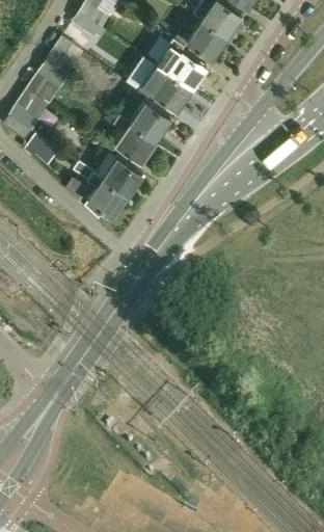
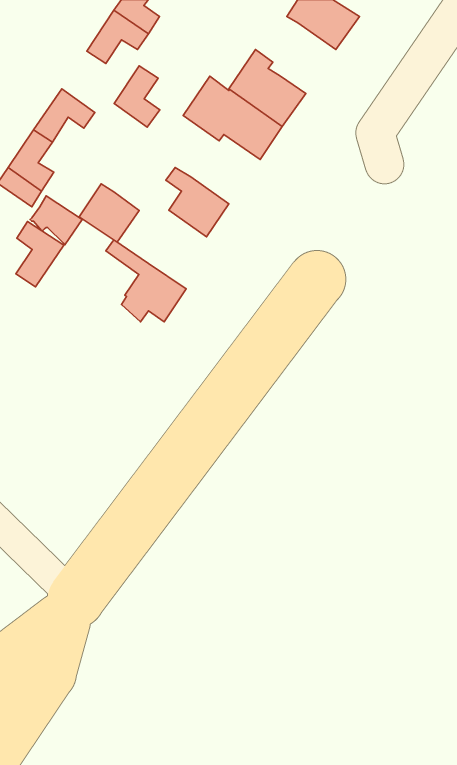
building: [187,20,226,58] -> none
building: [46,38,76,79] -> [114,66,160,127]
building: [131,101,171,139] -> none
building: none -> [16,221,64,287]
building: [103,157,142,195] -> [79,184,139,242]

